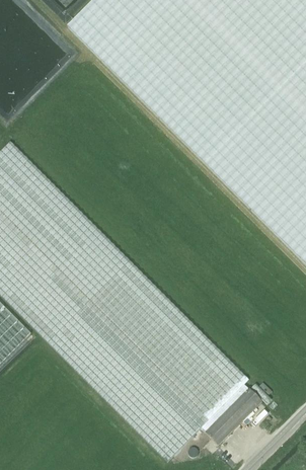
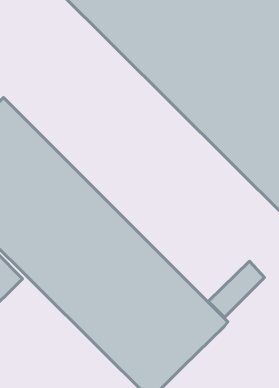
building: [201,384,260,444] -> [208,261,265,318]

